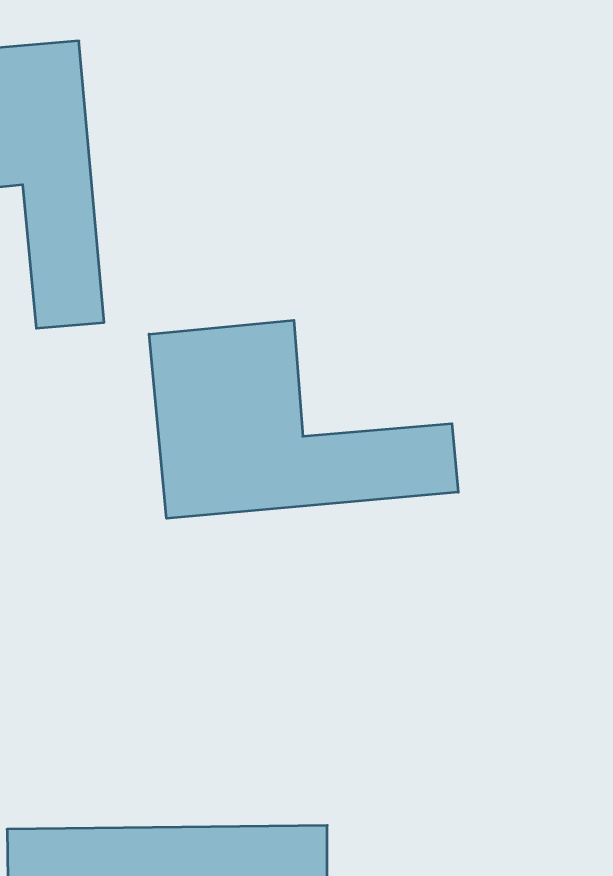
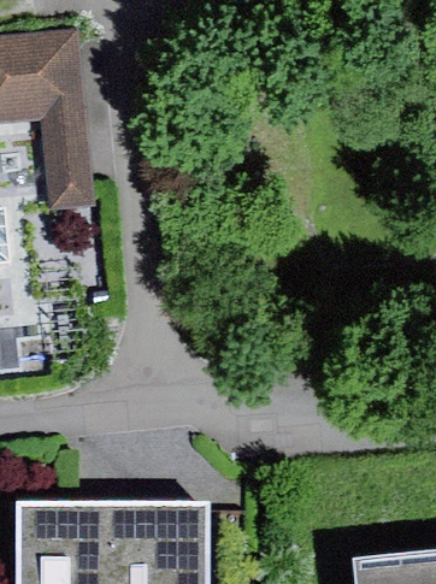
building: [149,320,458,518] -> none

